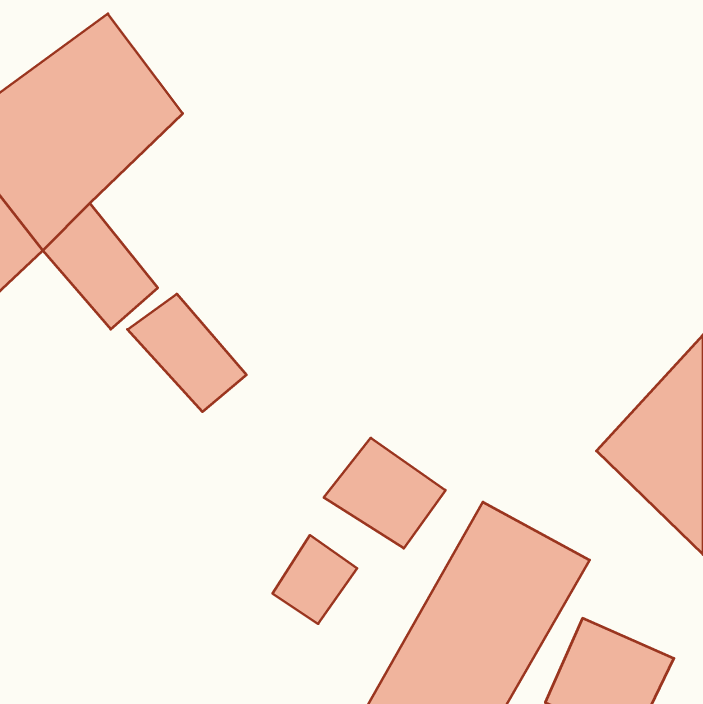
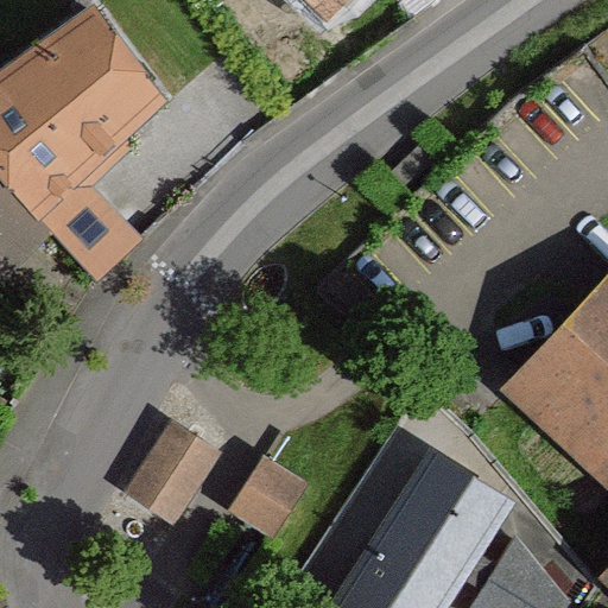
building: [127,294,246,412] -> none
building: [324,438,445,548] -> none
building: none -> [129,411,230,521]

